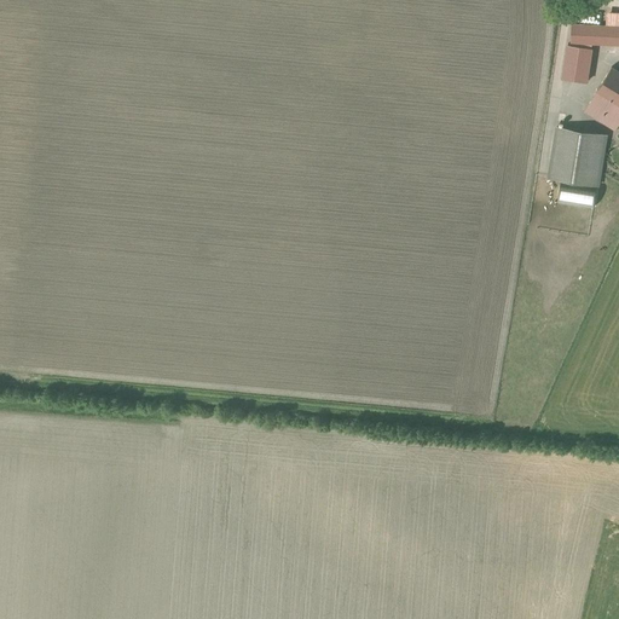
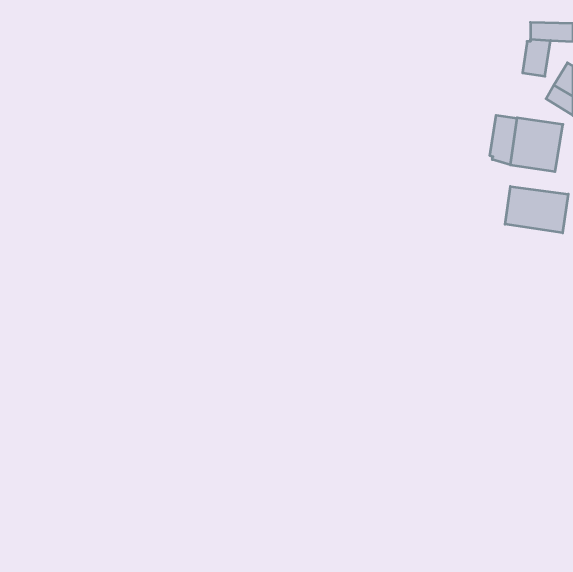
building: none -> [490,115,517,165]
building: none -> [505,186,568,233]

